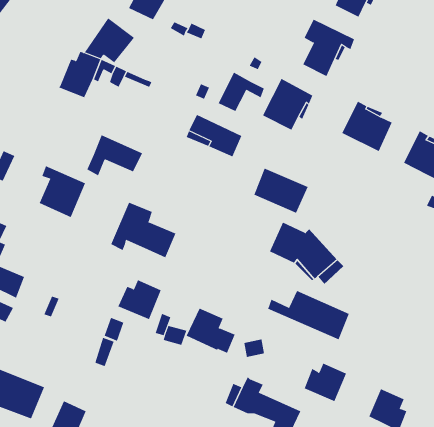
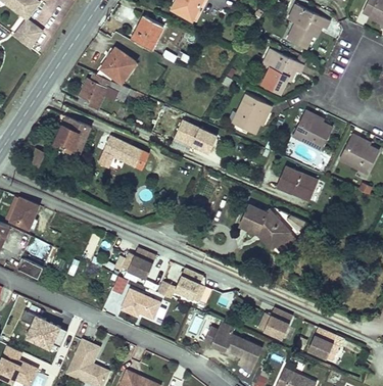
building: [218,72,265,112] -> none
building: [39,166,86,218] -> [53,114,89,154]
building: [254,168,309,214] -> [277,166,319,201]
building: [110,202,176,258] -> none
building: [267,290,349,340] -> none
building: none -> [121,289,159,319]

